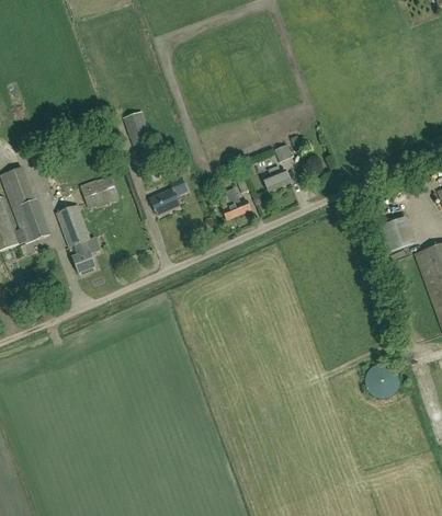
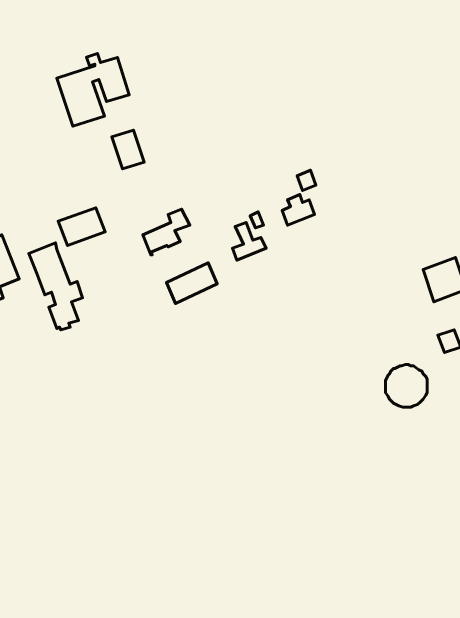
building: none -> [57,54,129,126]
building: none -> [166,263,217,303]
building: [365,363,399,398] -> [385,364,427,407]

